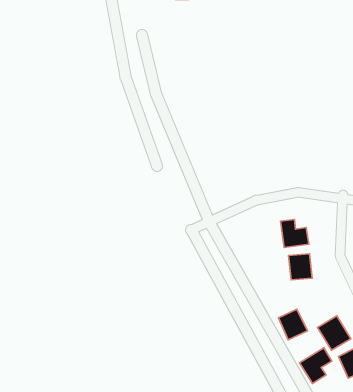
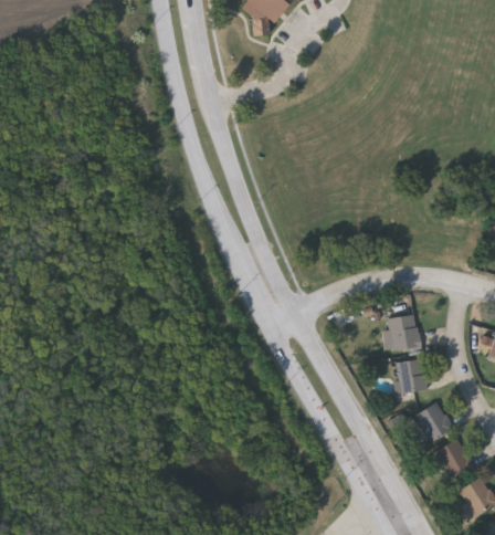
building: [278,309,307,340] -> [414,401,451,440]
building: [299,348,332,384] -> none

